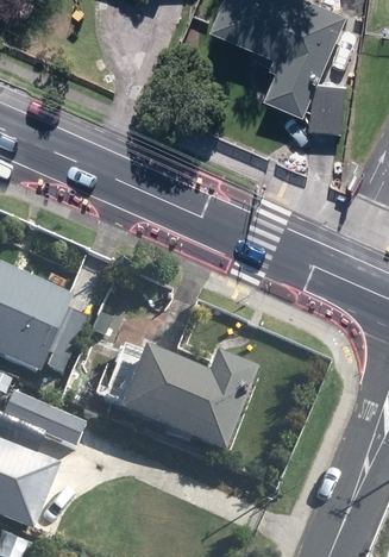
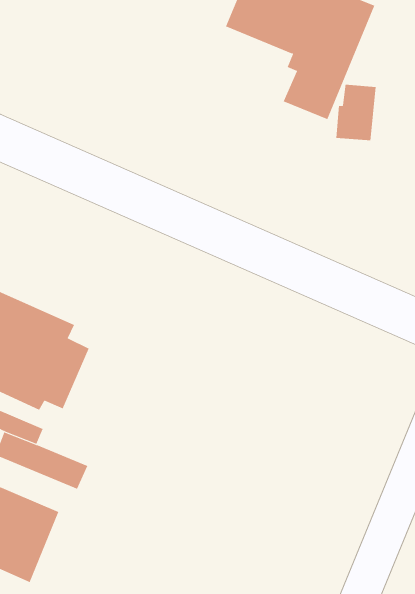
building: [120,351,259,456] -> none

